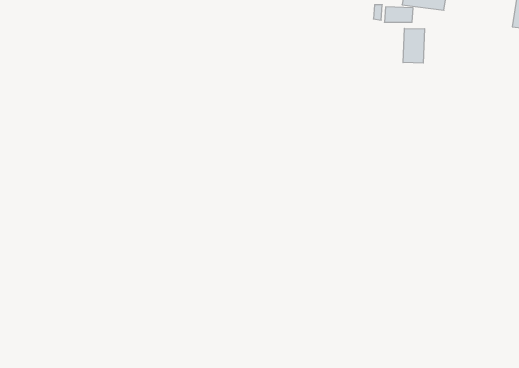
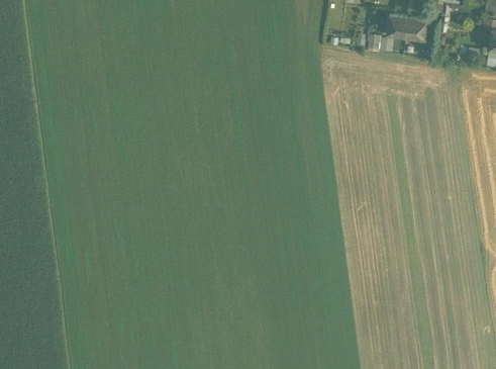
building: [403,28,425,63] -> none

